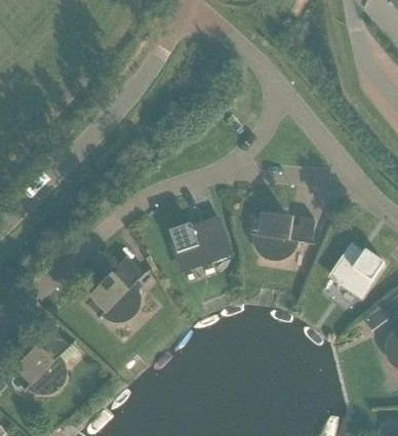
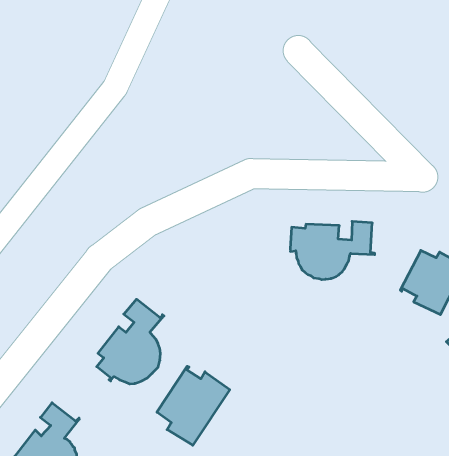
building: [168,216,232,272] -> none
building: none -> [157,366,230,445]

